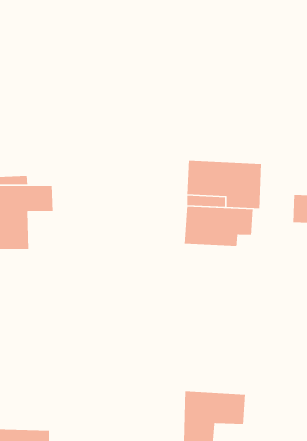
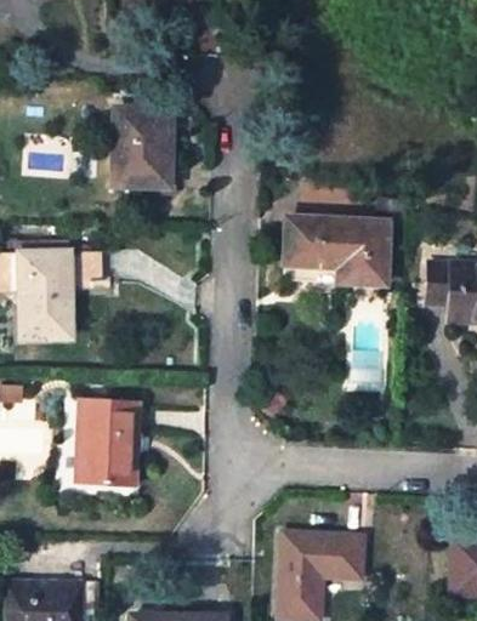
building: none -> [110,107,171,189]
building: [184,206,253,247] -> none
building: none -> [76,399,138,485]

